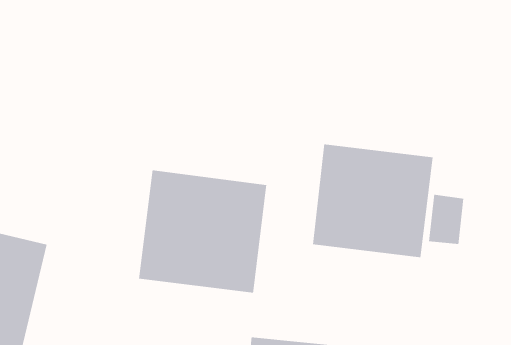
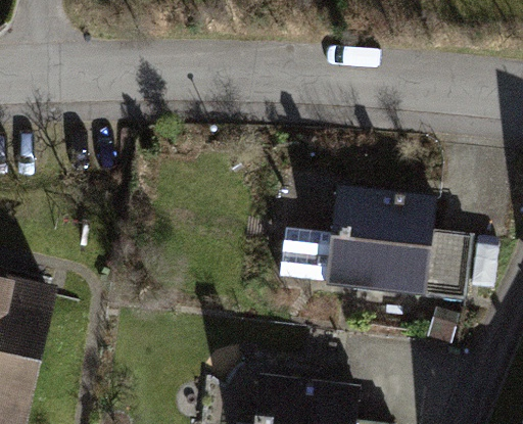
building: [138,169,267,293] -> none

